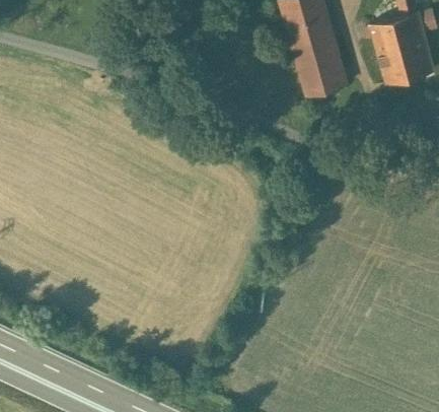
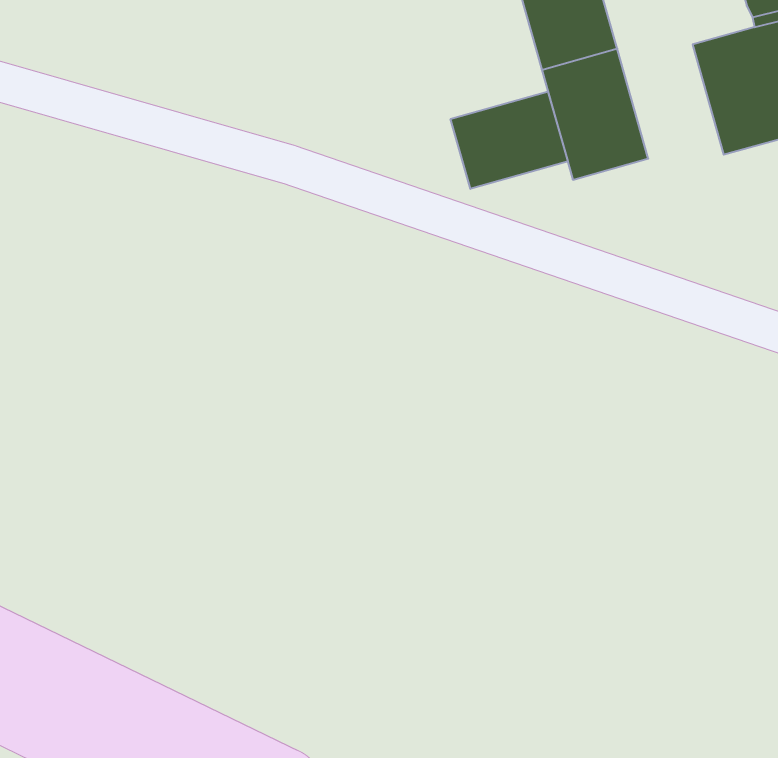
building: none -> [451,92,568,189]

